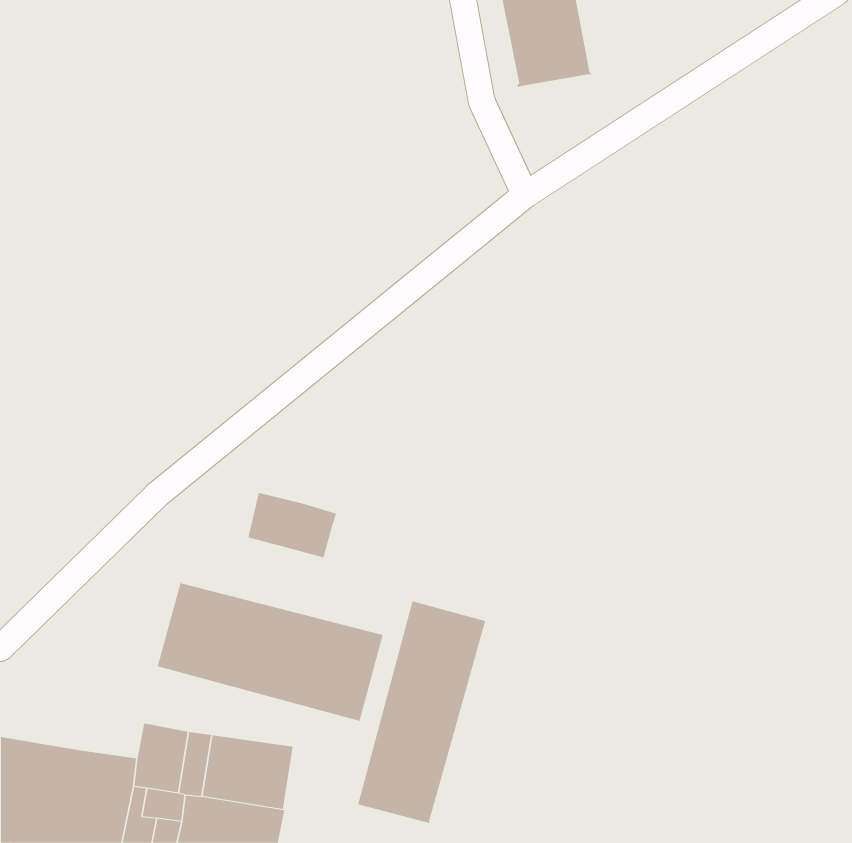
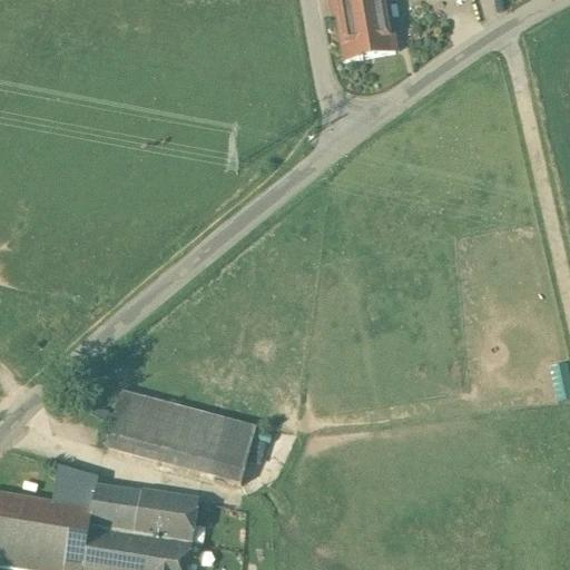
building: [248,492,337,558] -> none
building: [357,601,486,824] -> none
building: none -> [52,464,98,507]

